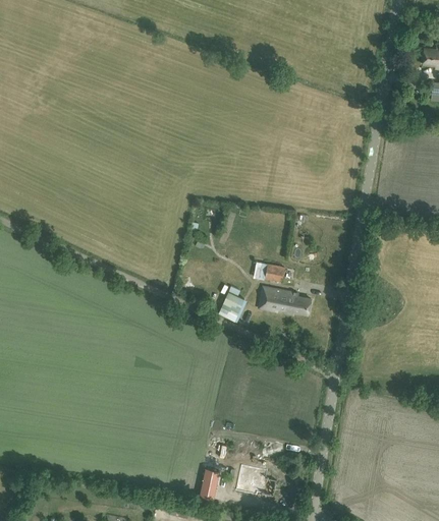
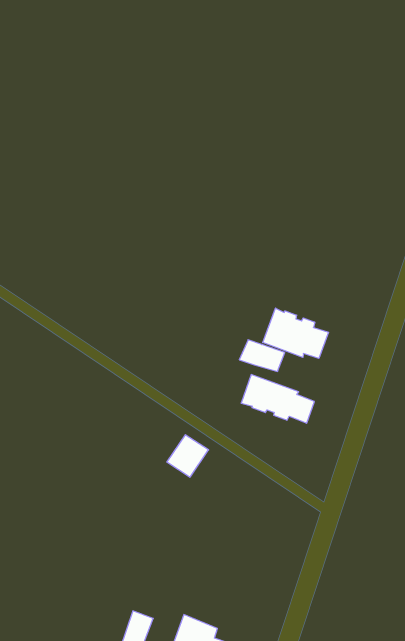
building: none -> [263,308,329,358]
building: [218,291,246,321] -> [167,435,209,477]

